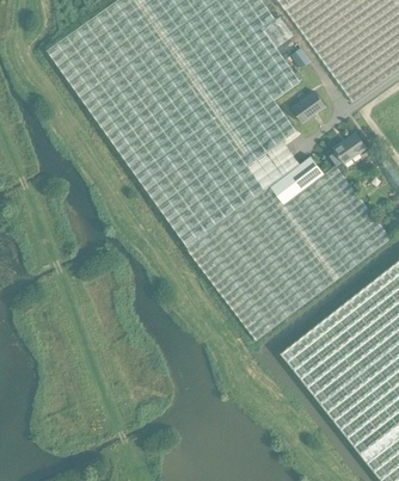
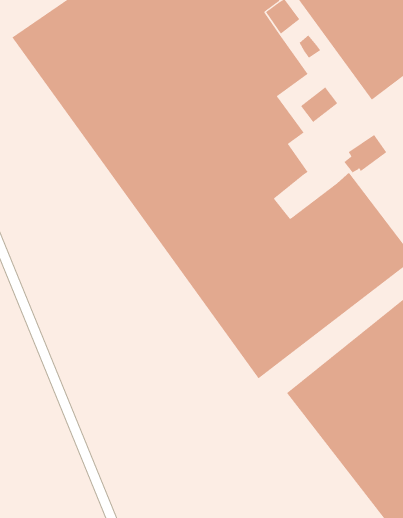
building: [271,156,324,204] -> none

